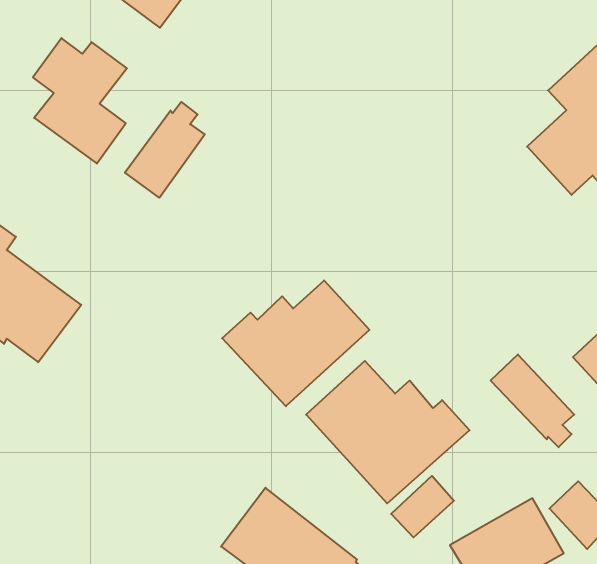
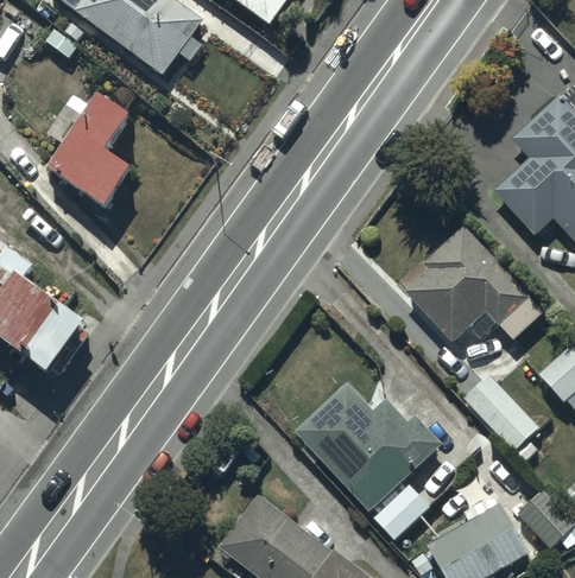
building: [125,102,205,198] -> none
building: none -> [406,220,546,343]
building: [222,280,369,406] -> none

